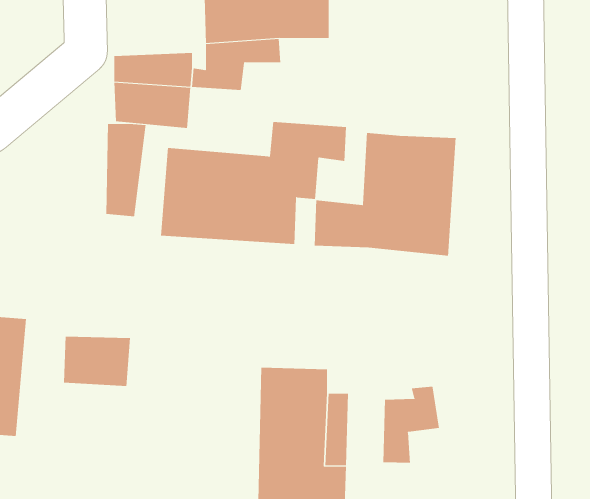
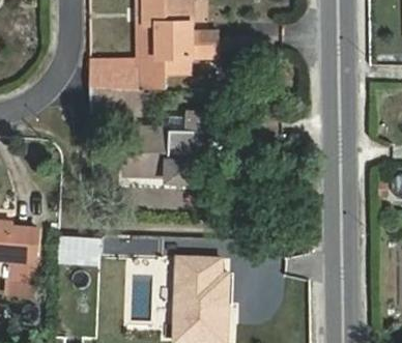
building: [106,123,146,217] -> none
building: [314,132,456,256] -> none
building: [383,386,440,463] -> none

